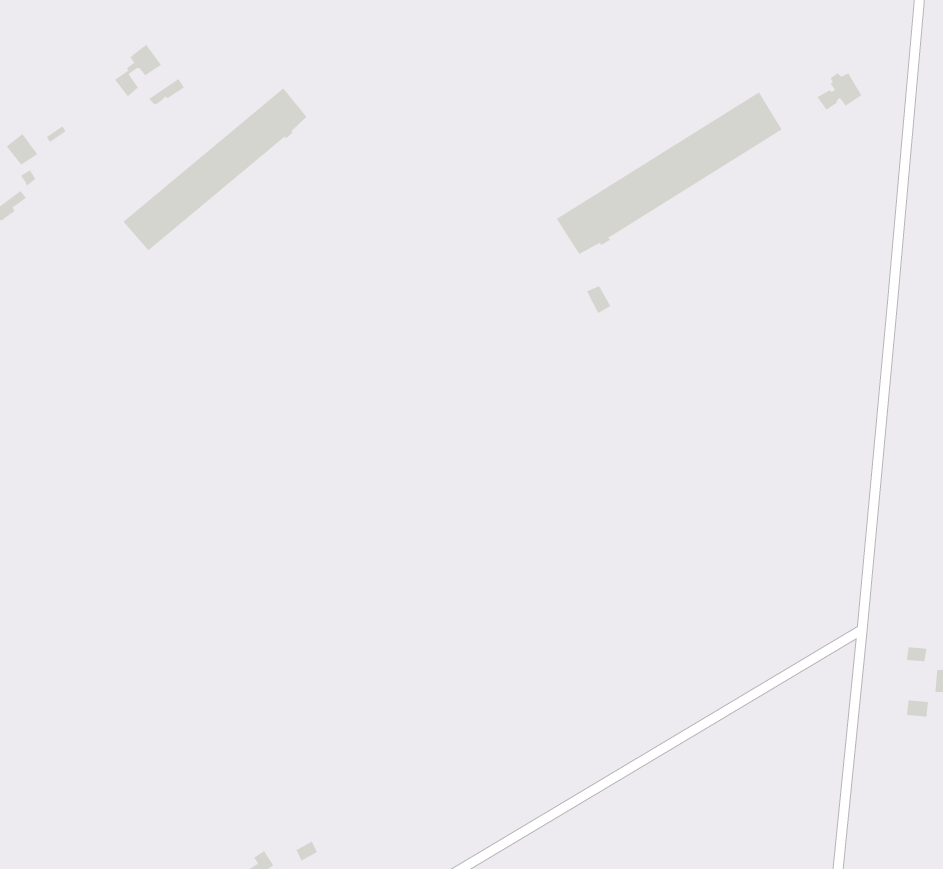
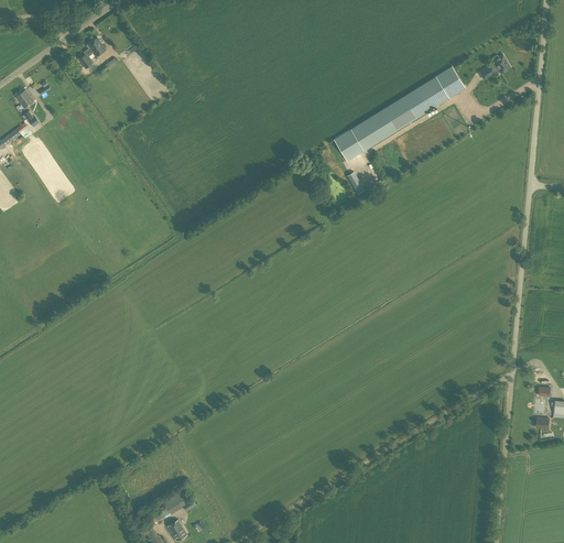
building: [123,88,307,251] -> none

